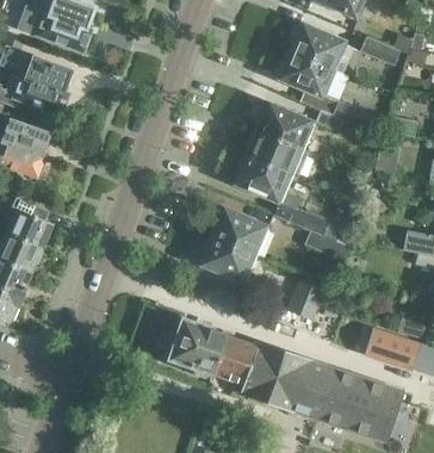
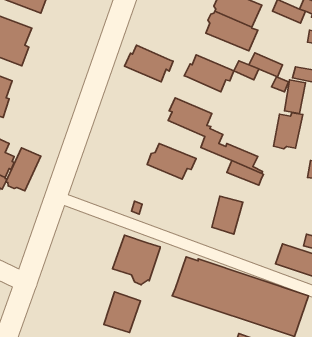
building: [243,129,302,173] -> [124,45,173,82]
building: none -> [273,113,303,149]
building: none -> [6,148,41,191]
building: [200,234,256,281] -> none
building: [212,334,256,383] -> [104,292,141,333]

